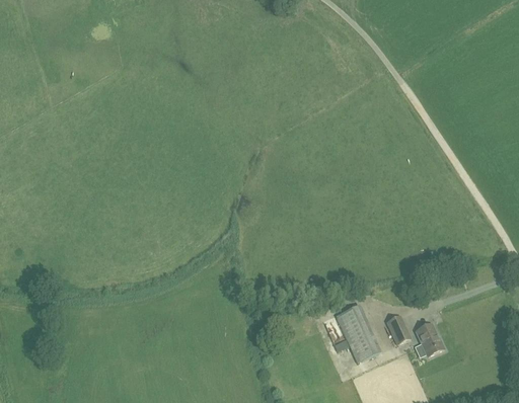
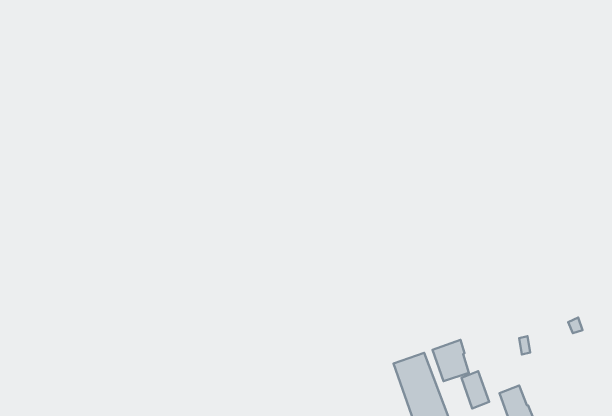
building: none -> [432,340,469,381]

